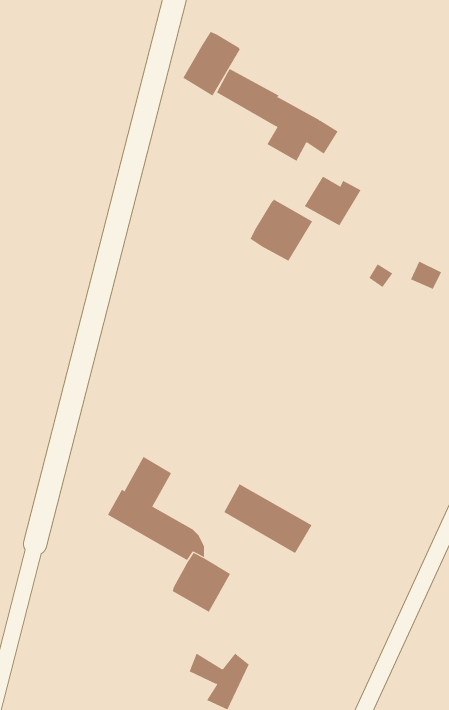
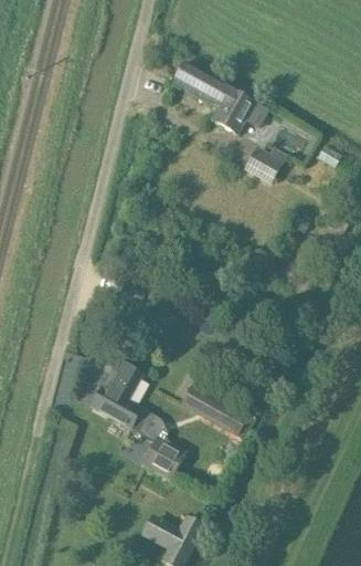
building: [183,31,241,96] -> none
building: [250,199,313,262] -> none

